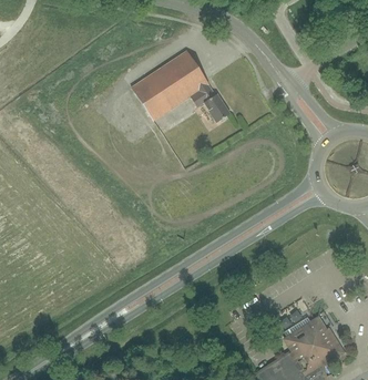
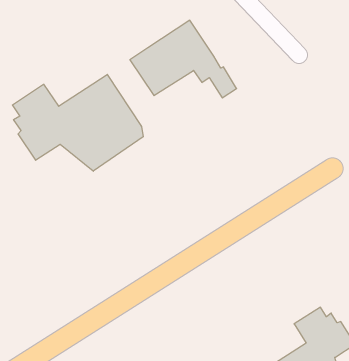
building: none -> [12,74,143,171]

